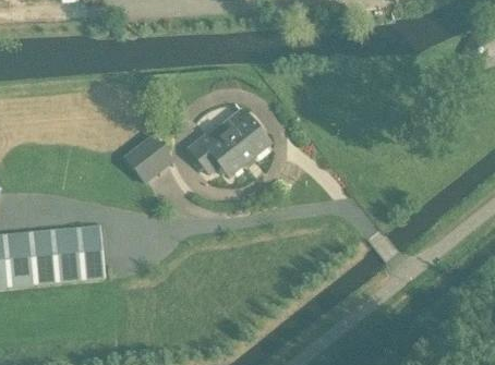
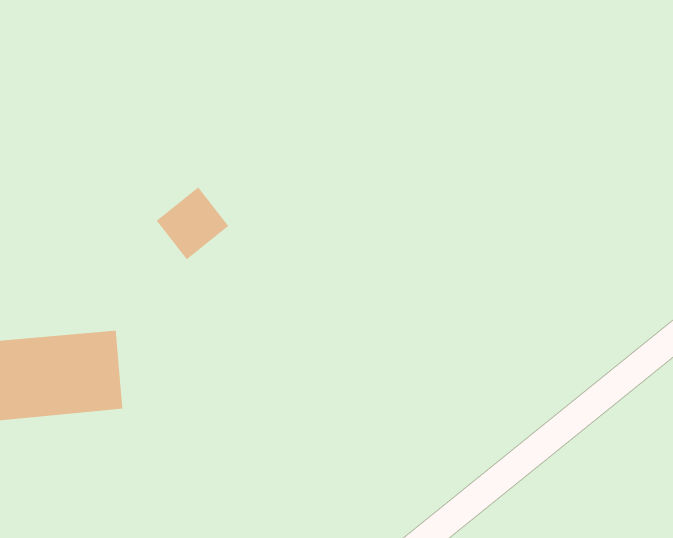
building: [189,109,269,175] -> none

